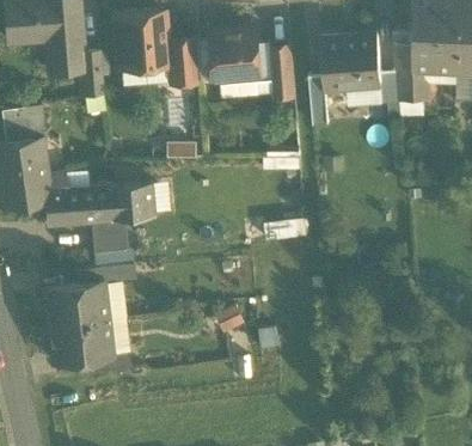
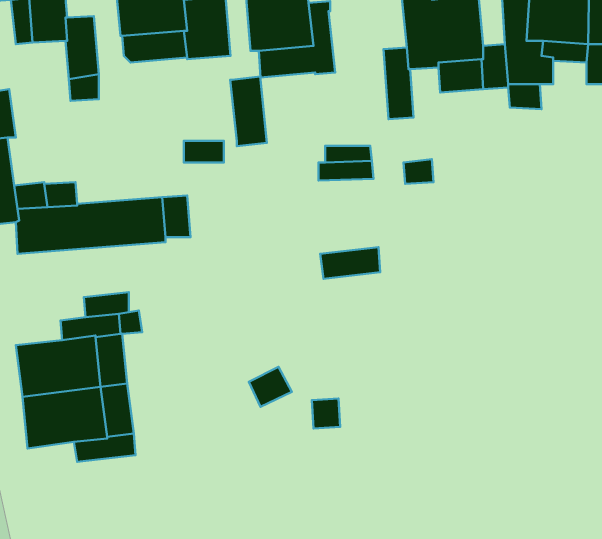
building: [271,45,298,96] -> [230,76,267,146]
building: [93,222,128,253] -> none

